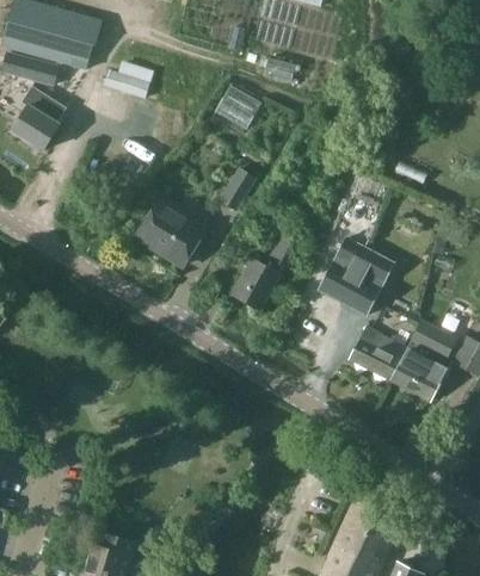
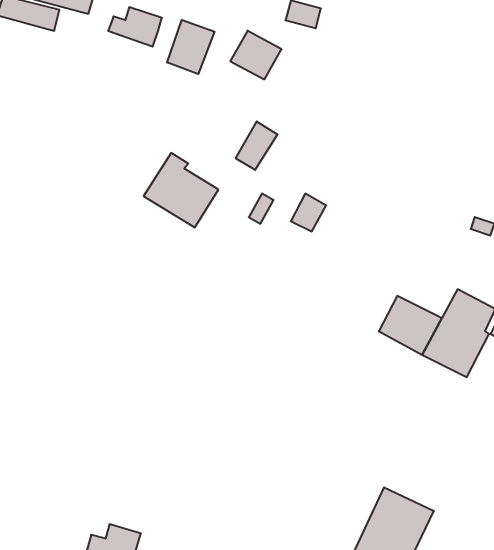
building: none -> [167,20,215,74]
building: [12,87,67,151] -> none
building: [318,236,394,315] -> none
building: [230,258,279,310] -> none

